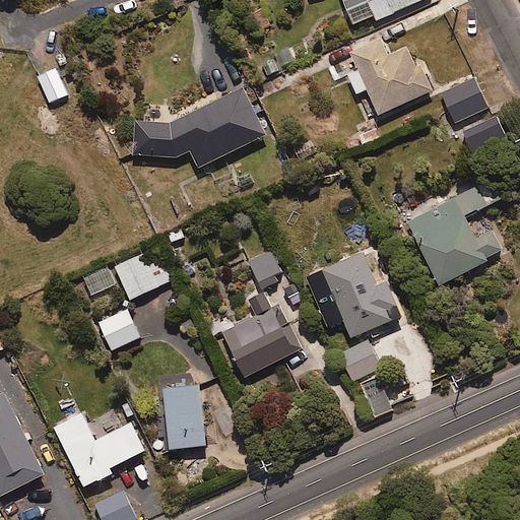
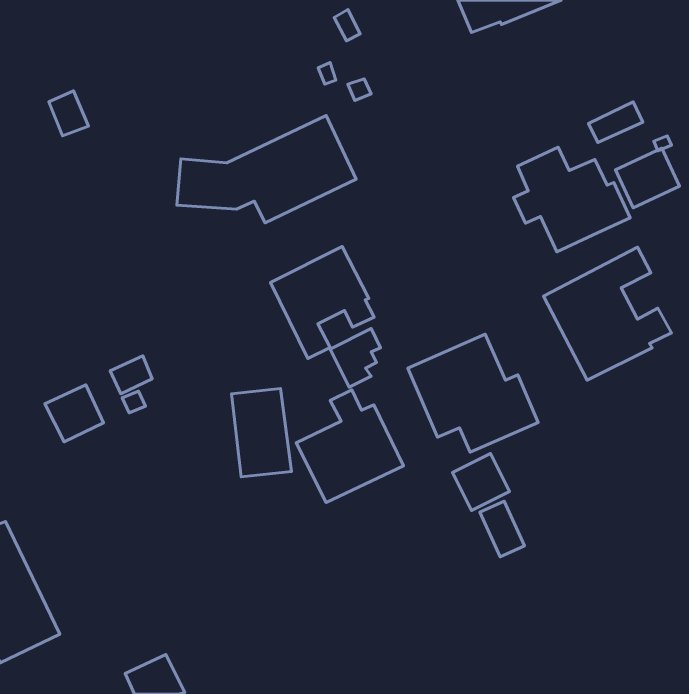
building: [346,37,434,115] -> [513,147,630,252]
building: none -> [270,247,374,358]
building: [113,252,158,300] -> none
building: [96,308,140,350] -> [45,385,103,442]
building: [162,383,207,449] -> [232,389,291,477]
building: [51,413,141,488] -> none

